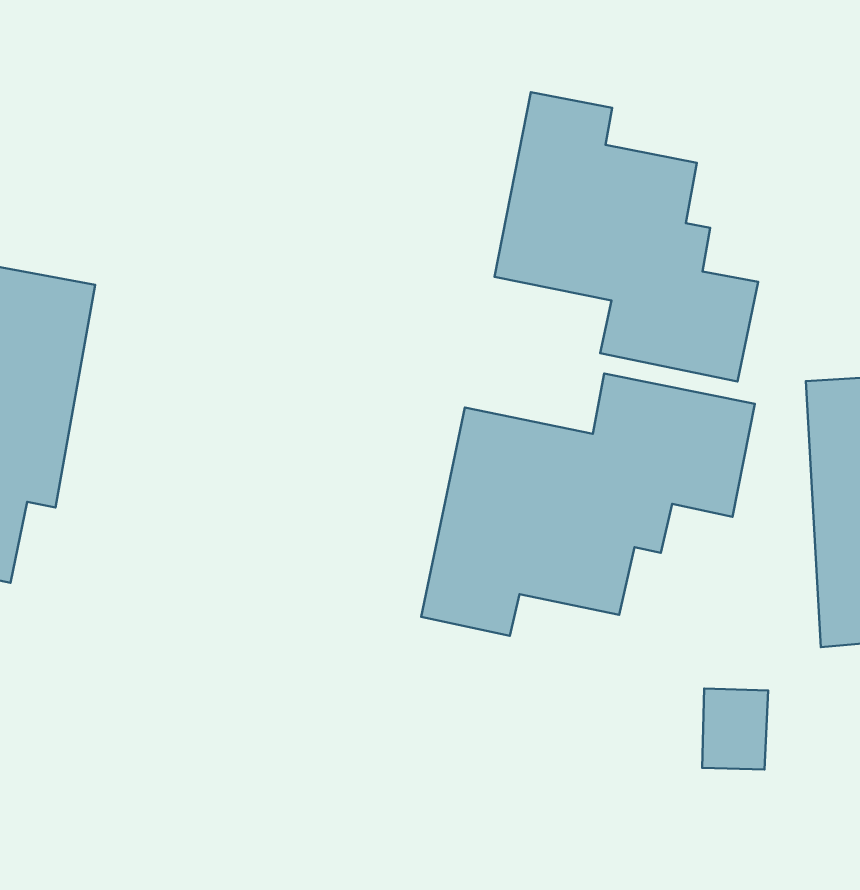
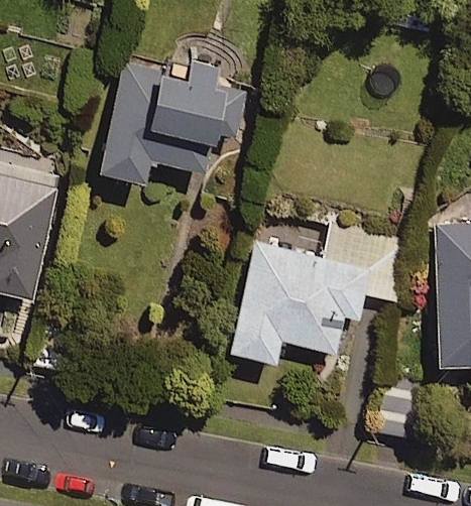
building: none -> [101,64,247,186]
building: [494,92,758,381] -> none

